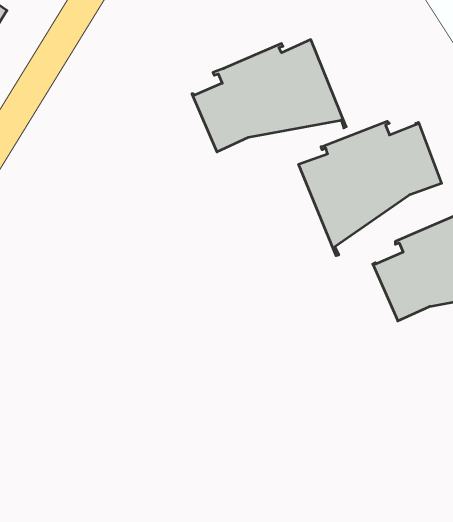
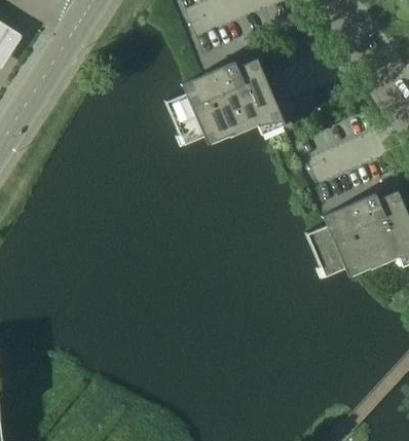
building: [299,121,442,256] -> none

